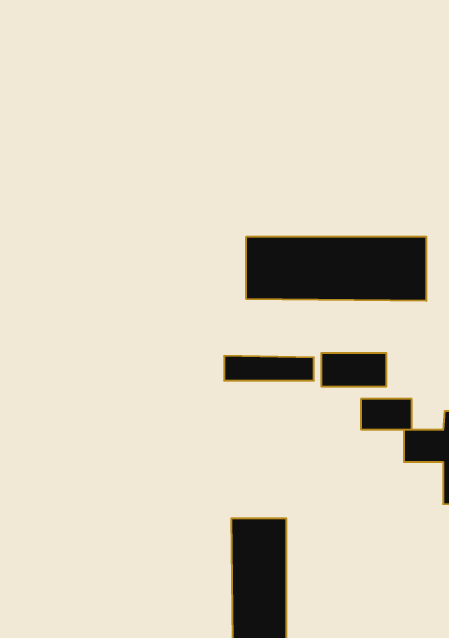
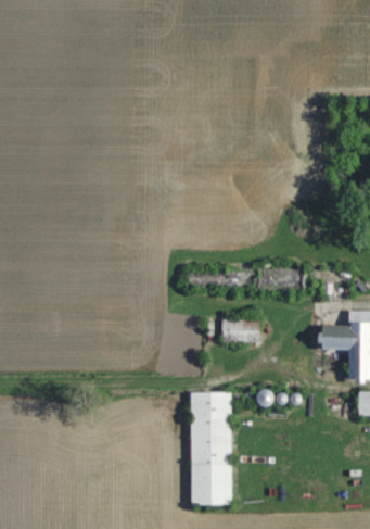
building: [246,237,426,301] -> none
building: [361,399,412,429] -> [221,319,259,342]

